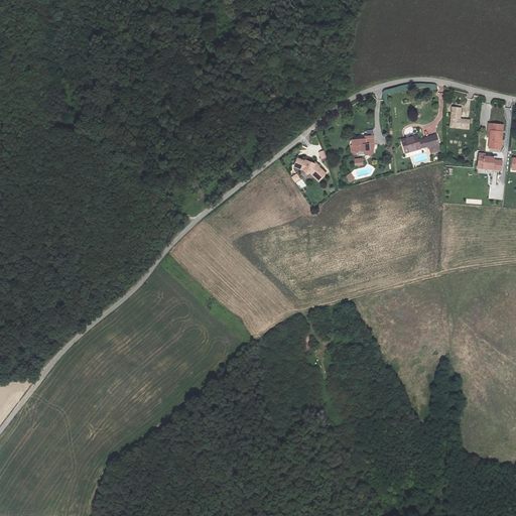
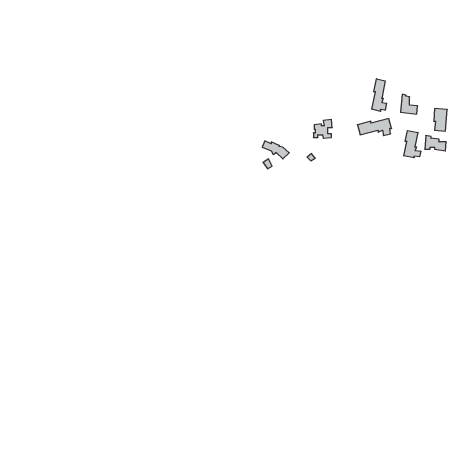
building: none -> [372,79,387,111]
building: none -> [404,131,421,158]

